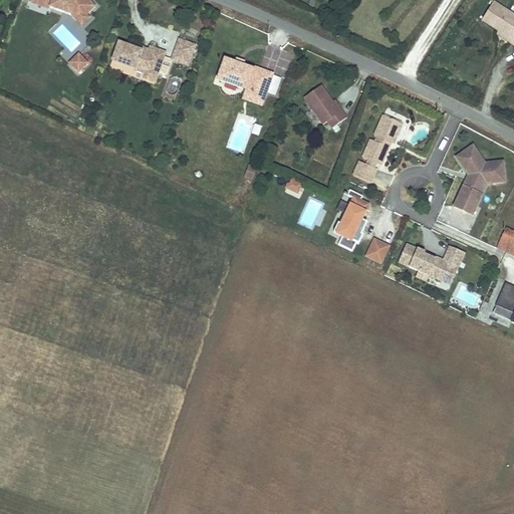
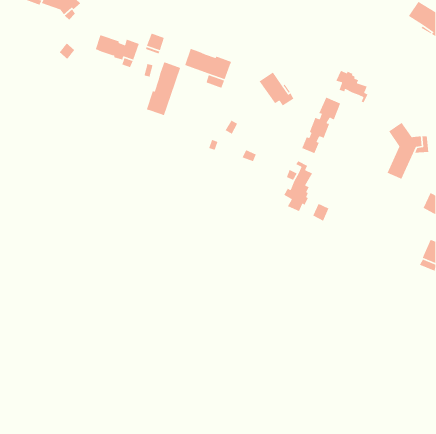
building: none -> [146,61,181,116]
building: none -> [335,70,368,103]
building: [399,243,464,279] -> none

